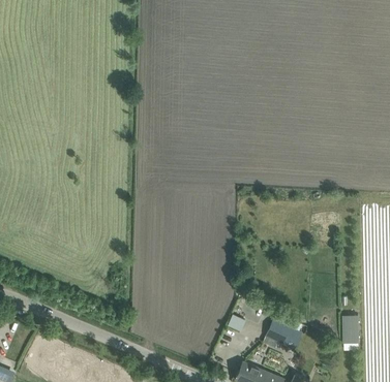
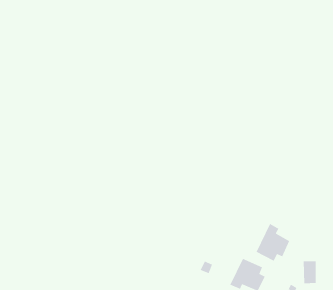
building: none -> [256,223,290,262]

